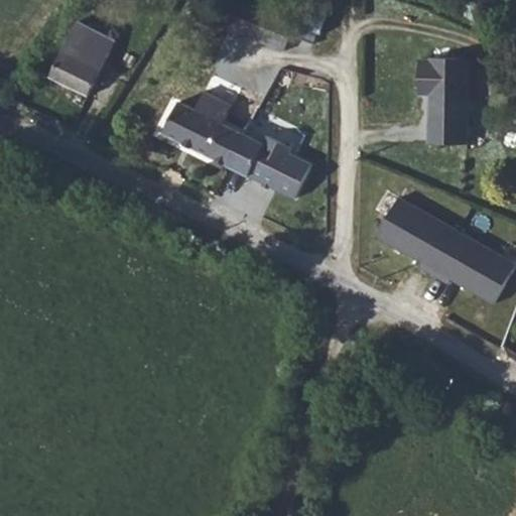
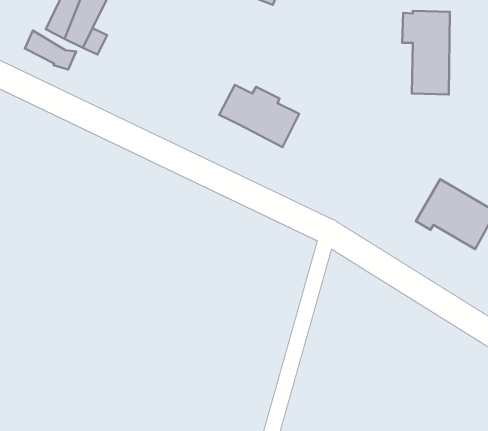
building: none -> [25,31,76,69]
building: [162,91,244,165] -> none
building: [375,198,457,275] -> none

